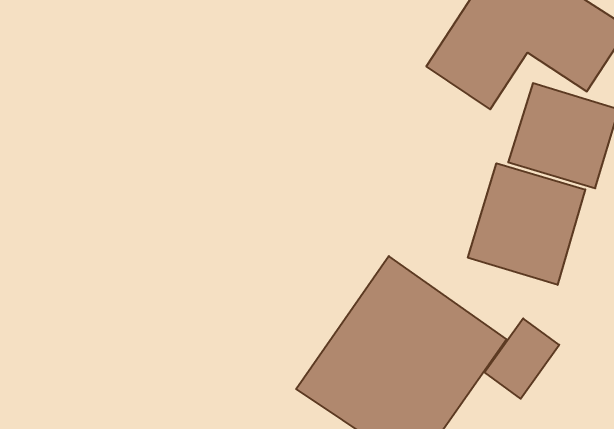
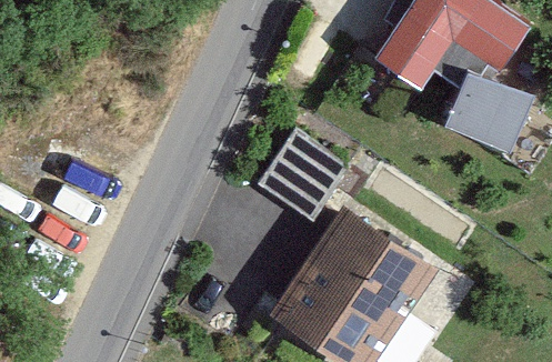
building: none -> [258,129,355,224]
building: [468,163,585,285] -> none

